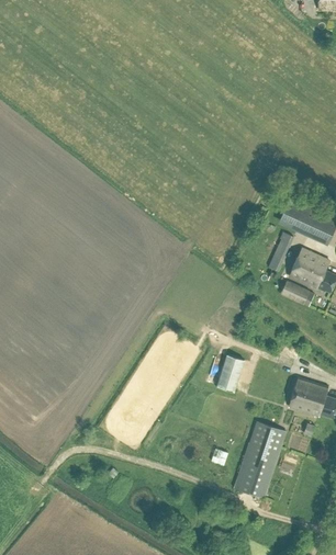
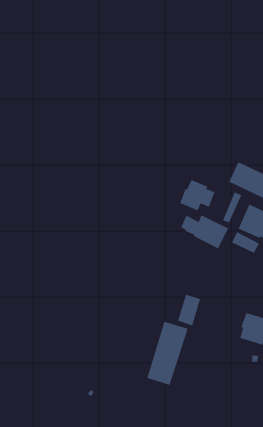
building: none -> [180,179,215,211]
building: none -> [181,215,229,249]
building: [235,420,285,497] -> [146,321,189,386]

